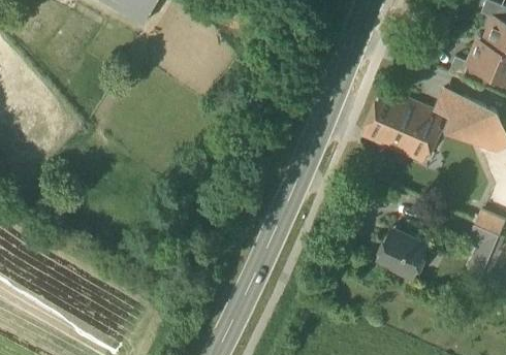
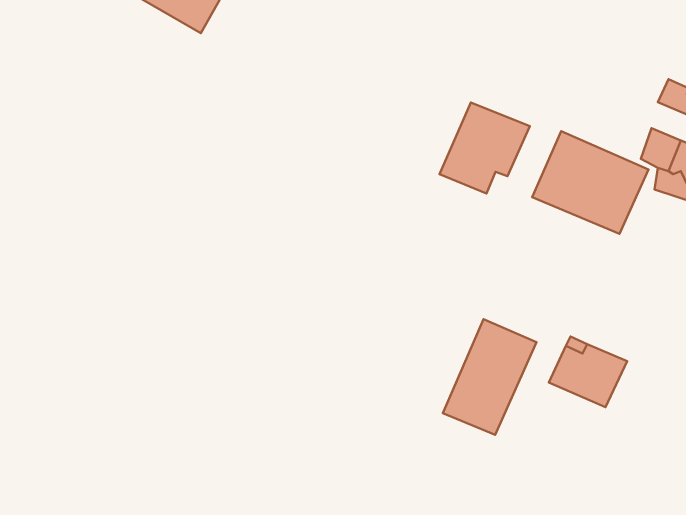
building: none -> [439,102,530,193]
building: none -> [443,319,536,435]

